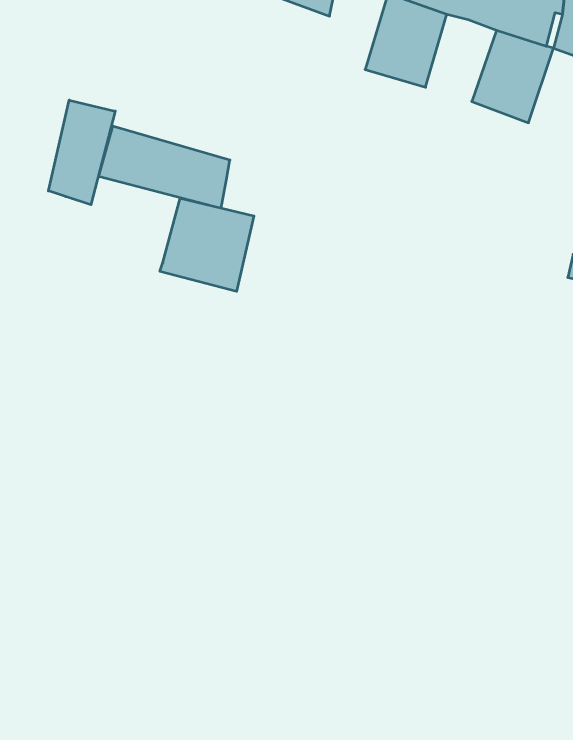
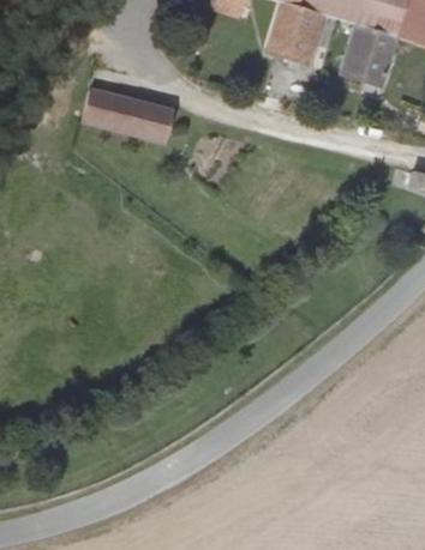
building: [48,100,115,205] -> none
building: [160,198,254,291] -> none

